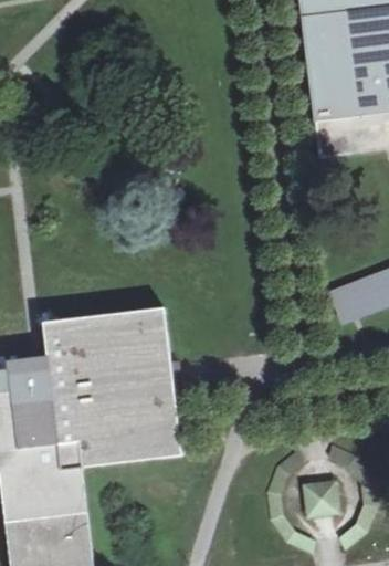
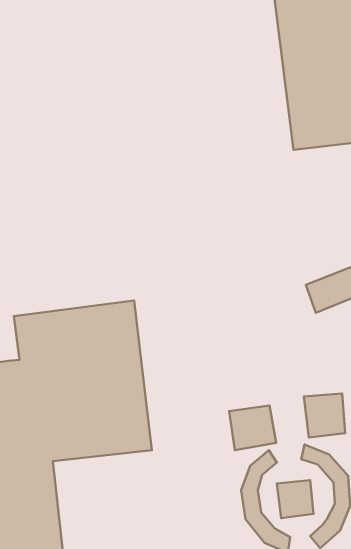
building: none -> [304,393,345,437]
building: none -> [229,406,276,450]

